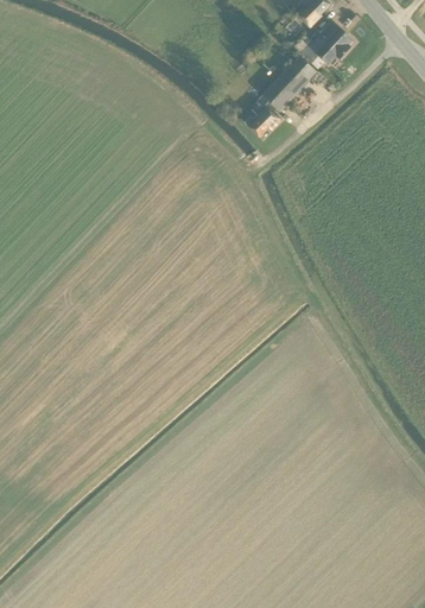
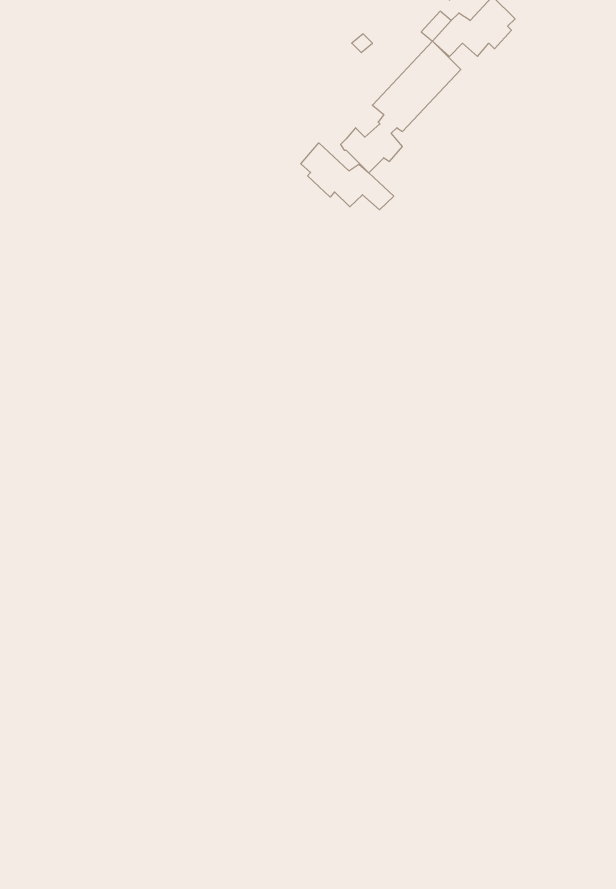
building: none -> [301,143,394,210]

